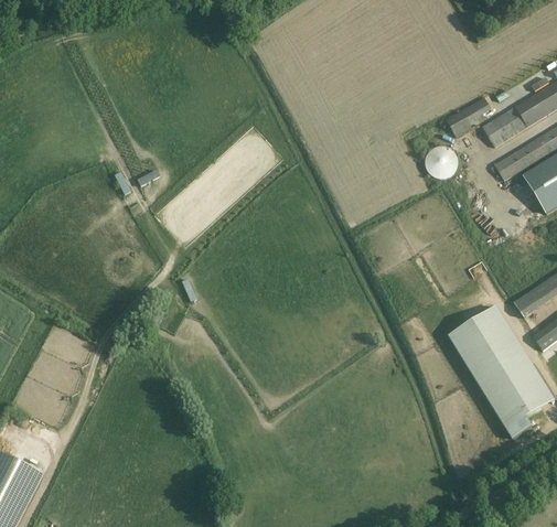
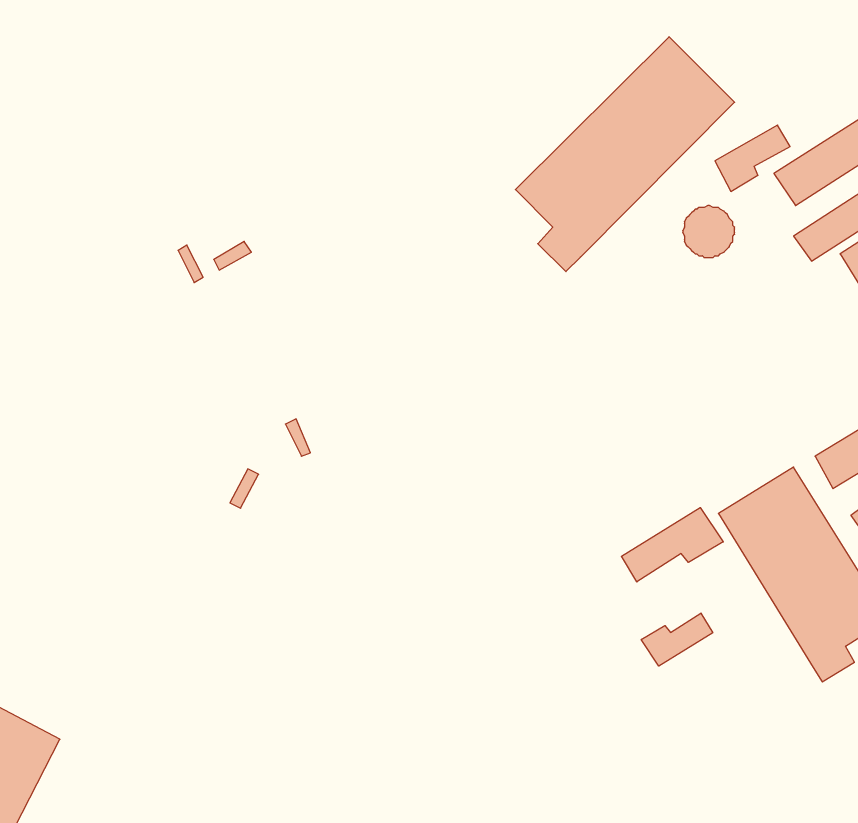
building: none -> [515,37,735,272]
building: none -> [621,508,723,582]
building: none -> [641,613,713,666]

